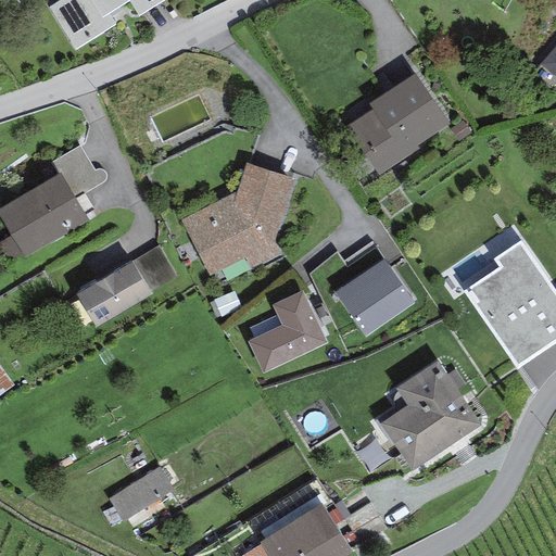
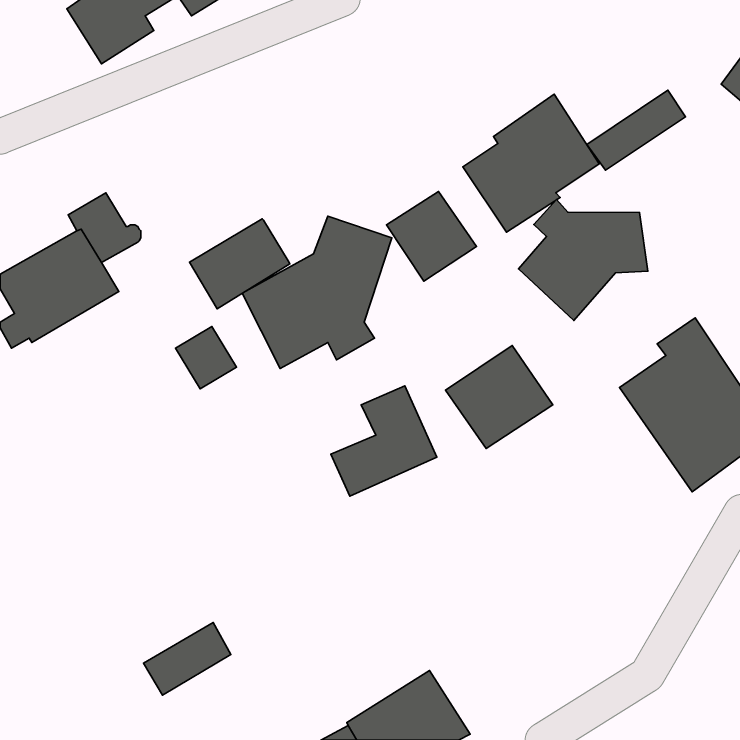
building: none -> [587,90,686,170]
building: none -> [386,191,476,281]
building: none -> [519,200,648,320]
building: [77,260,152,327] -> [190,219,290,309]
building: [381,359,481,470] -> none

